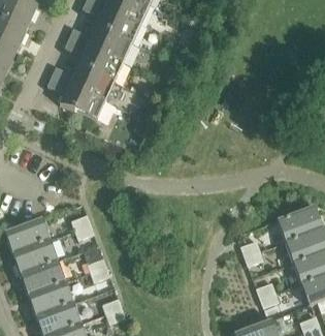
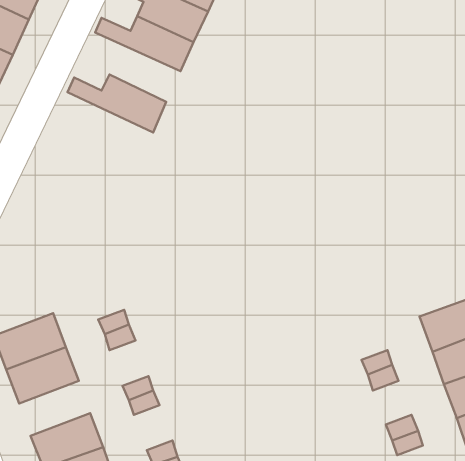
building: [65,36,124,81] -> none
building: [46,74,106,120] -> none
building: [21,259,66,295] -> none

